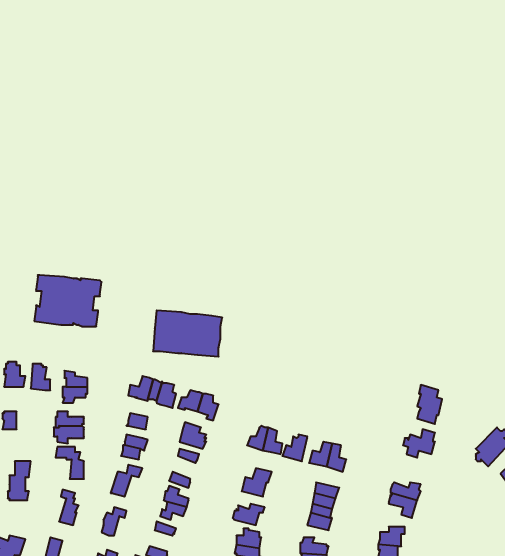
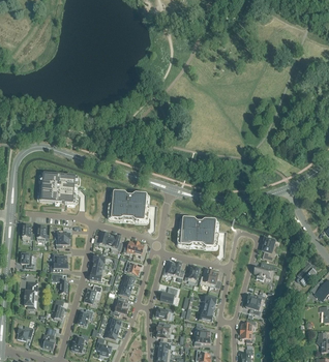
building: none -> [178,220,218,246]

